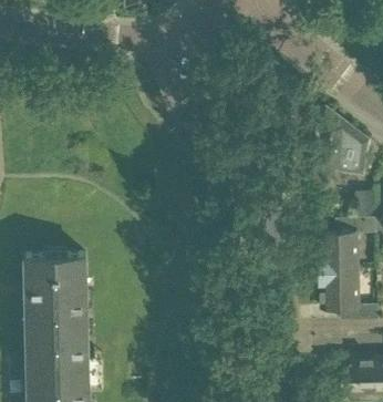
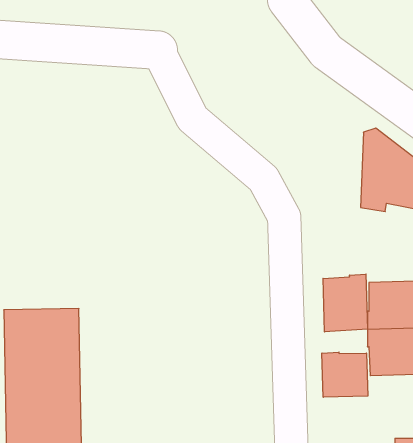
building: none -> [323,274,367,332]
building: none -> [322,352,368,397]

